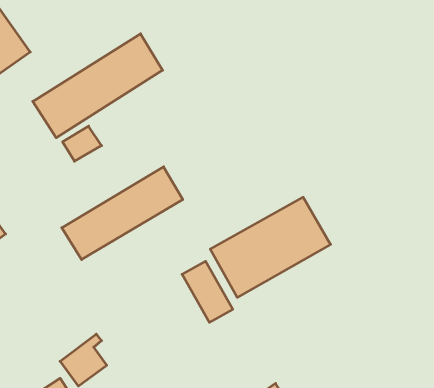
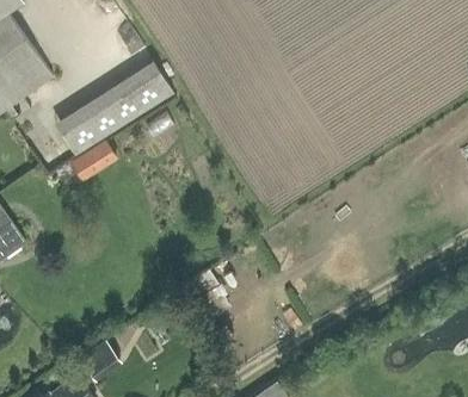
building: [62,167,183,260] -> none
building: [210,197,331,297] -> none

